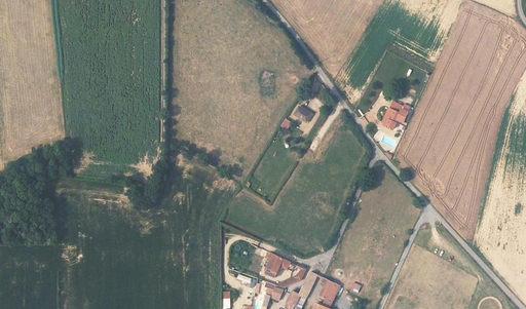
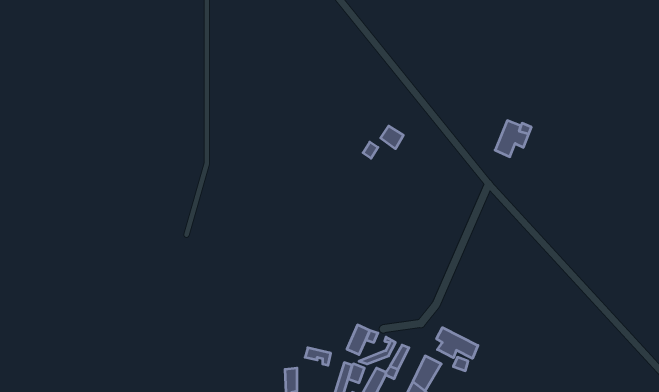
building: none -> [437,328,478,358]

